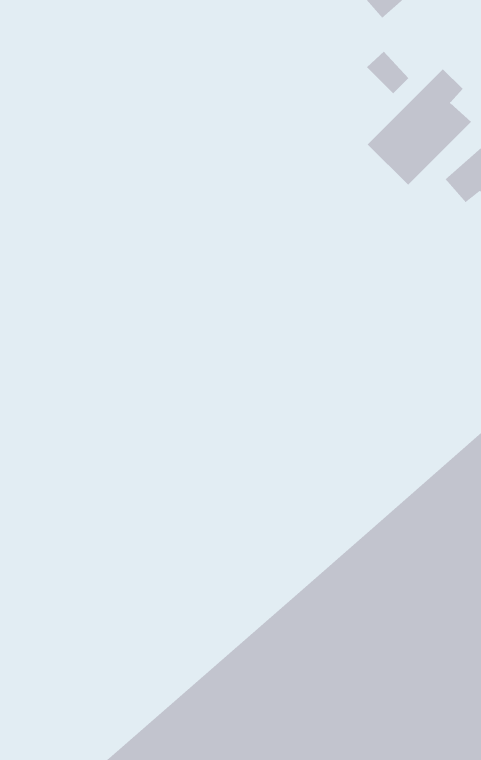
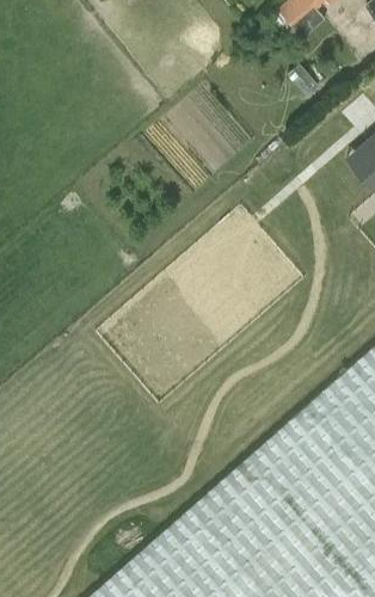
building: [367,69,472,185] -> none

